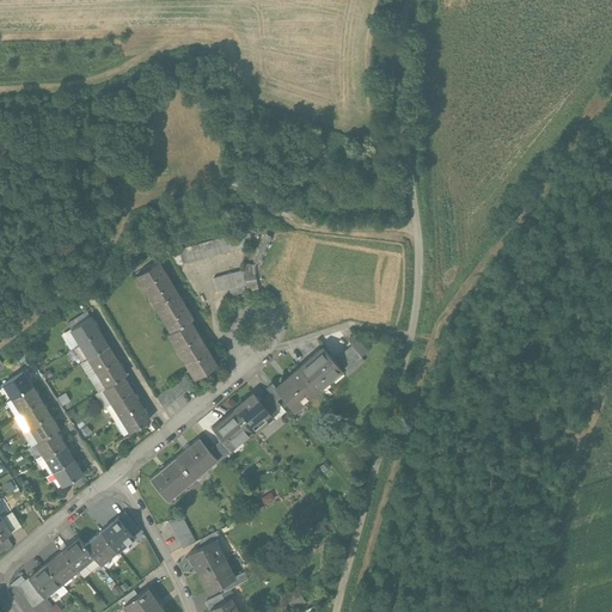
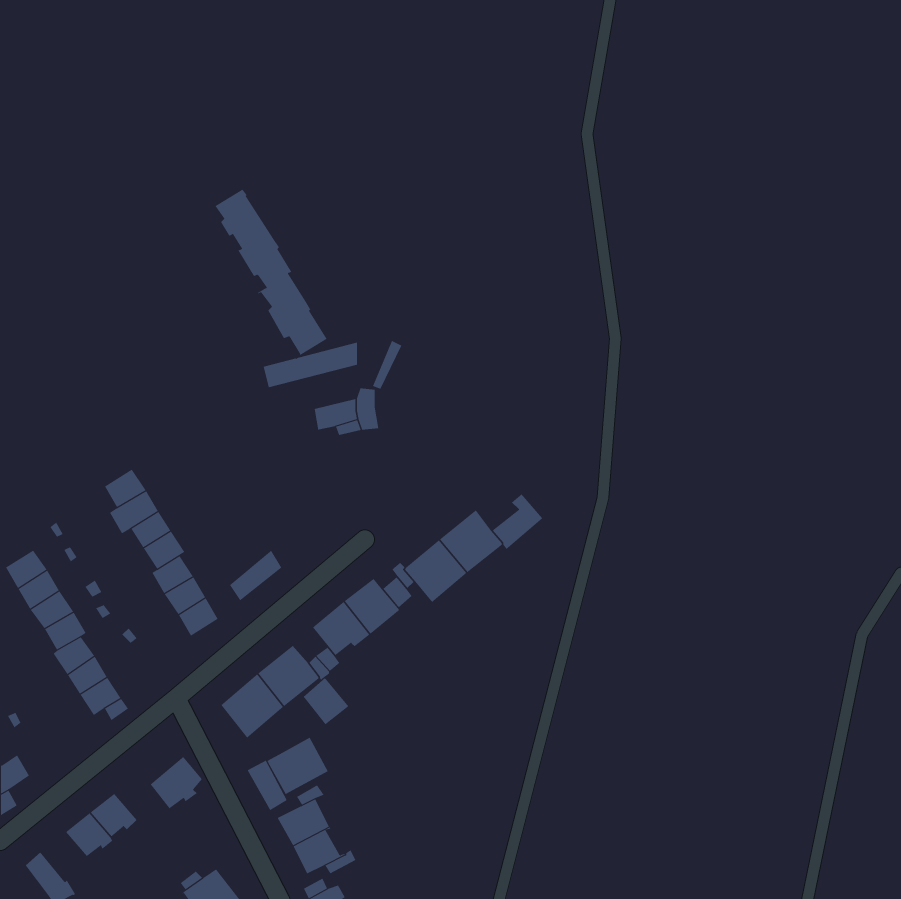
building: [136,263,215,378] -> [211,189,328,358]
building: none -> [303,677,349,725]
building: none -> [267,737,329,795]
building: [85,533,117,564] -> none
building: [27,565,61,599] -> none

